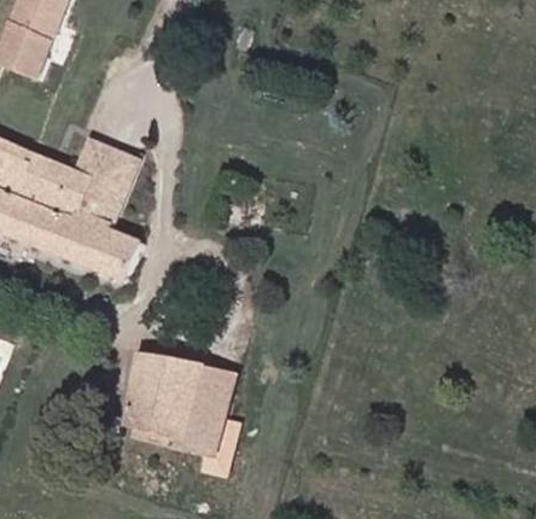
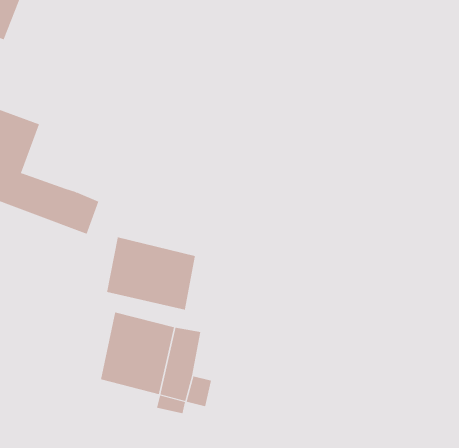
building: [53,140,135,234] -> none
building: none -> [107,237,196,310]

